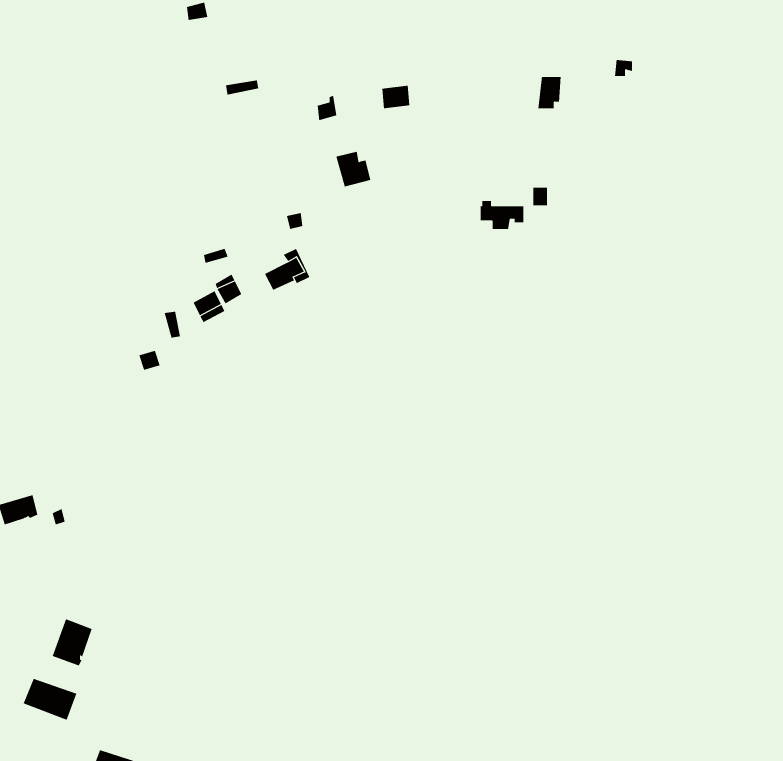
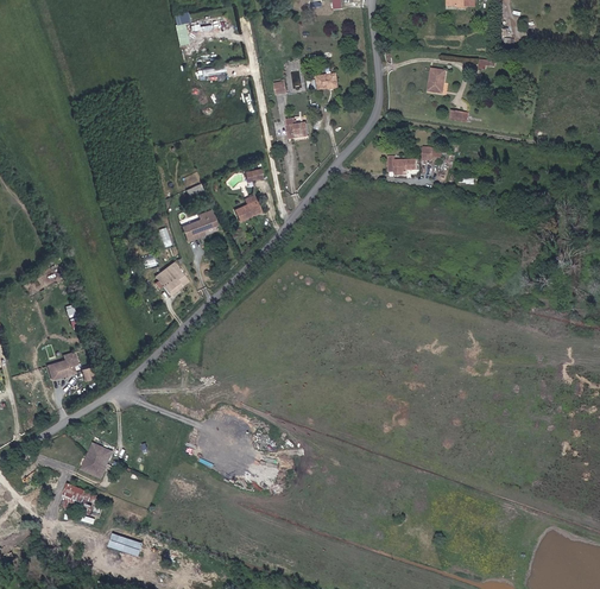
building: none -> [159,259,194,292]

